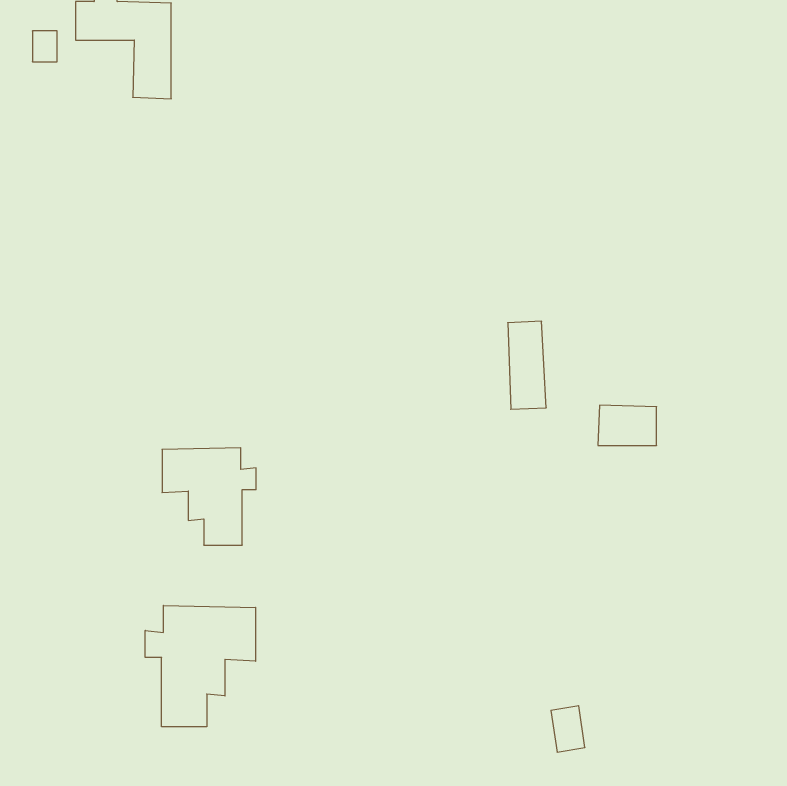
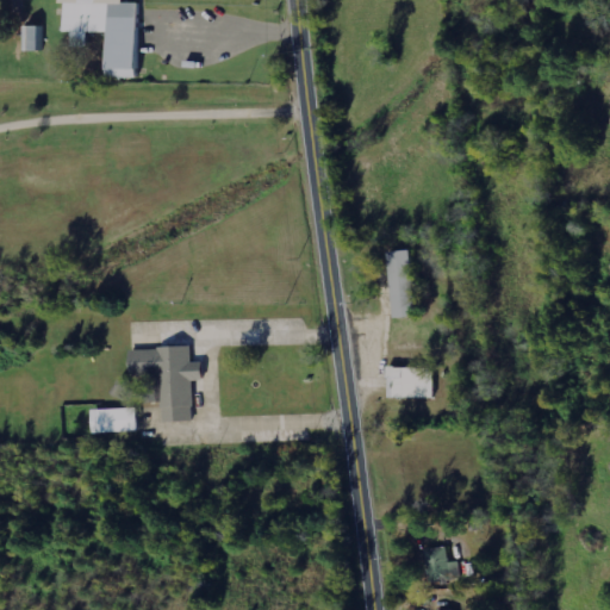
building: [598,405,657,445] -> [391,365,436,396]
building: none -> [87,409,132,431]
building: [145,605,256,727] -> none

